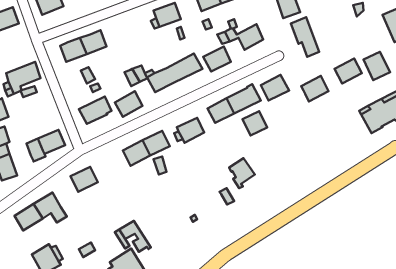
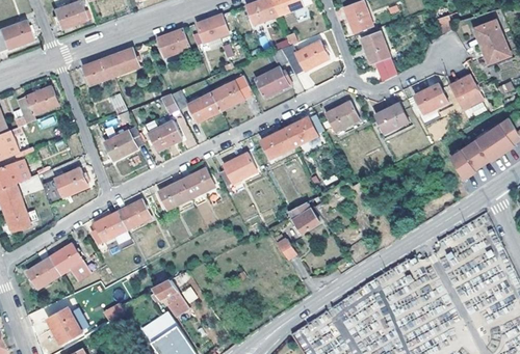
building: none -> [156,29,189,58]
building: [243,111,267,135] -> none
building: none -> [119,200,152,232]

